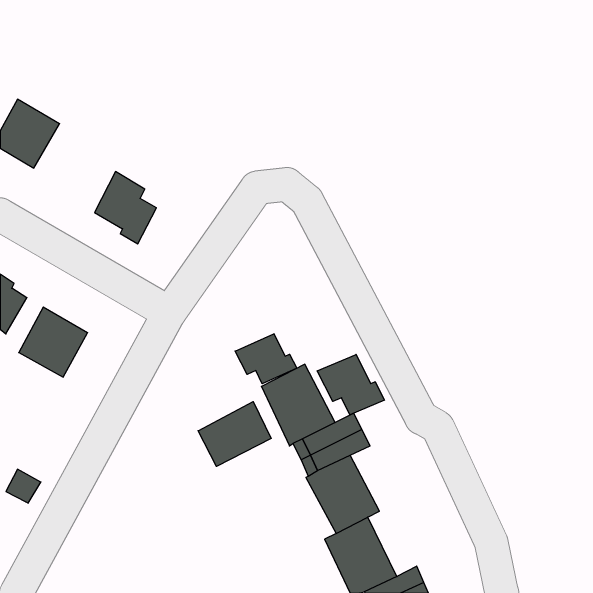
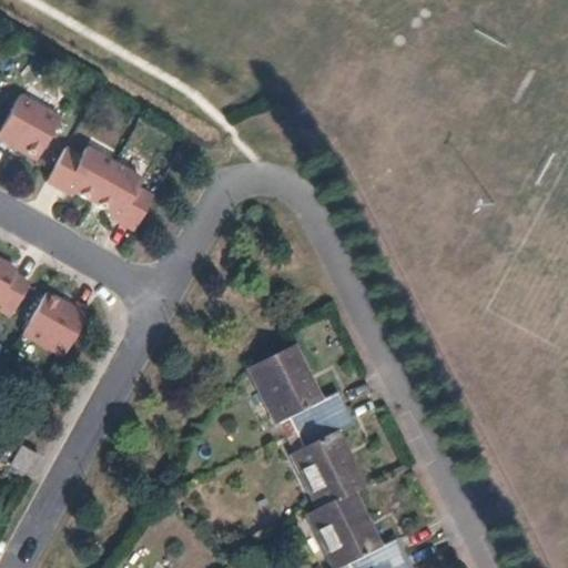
building: none -> [47,148,113,202]
building: [235,334,297,384] -> none
building: [317,354,384,415] -> none
building: [198,402,271,466] -> none

